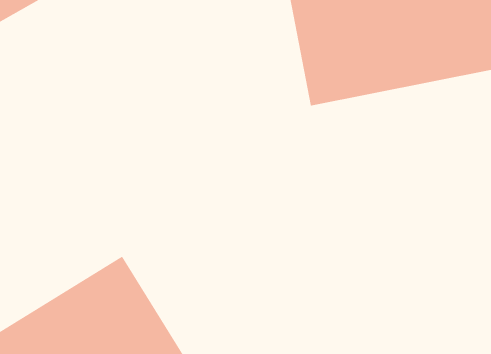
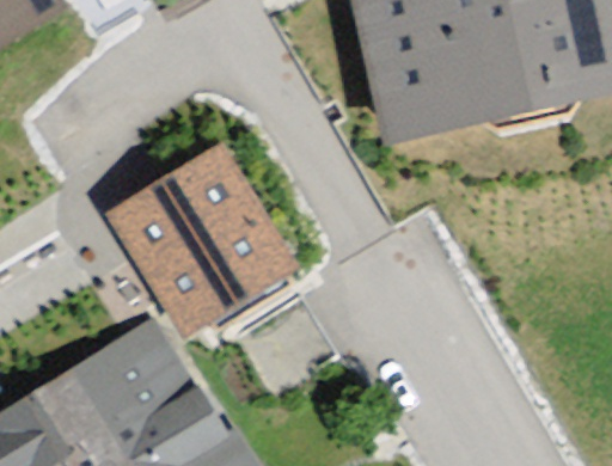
building: none -> [110,151,284,327]

